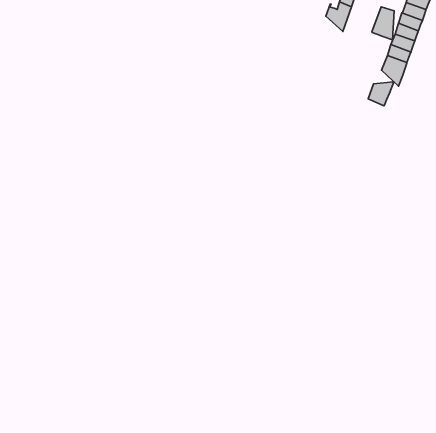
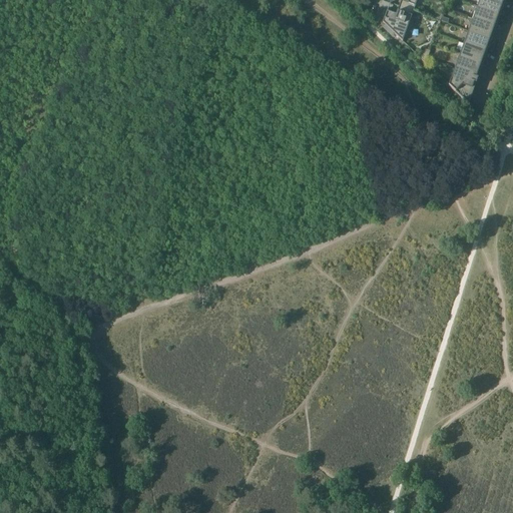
building: [372,7,394,40] -> none
building: [368,82,394,106] -> none

